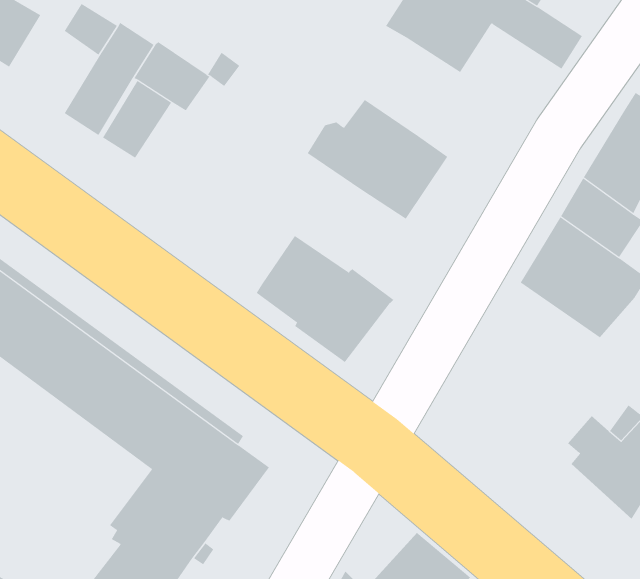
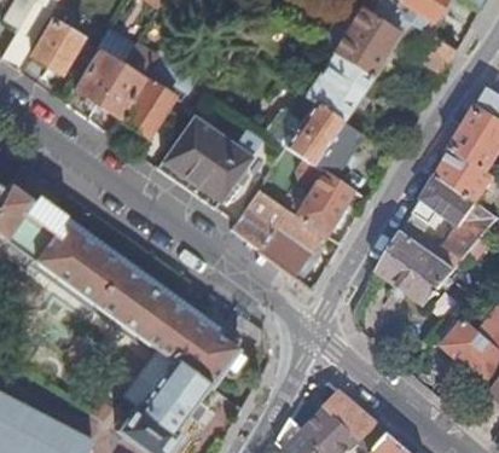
building: none -> [71,47,121,104]
building: none -> [304,52,371,120]
building: none -> [155,116,259,209]
building: none -> [296,157,352,233]
building: none -> [381,221,468,306]

